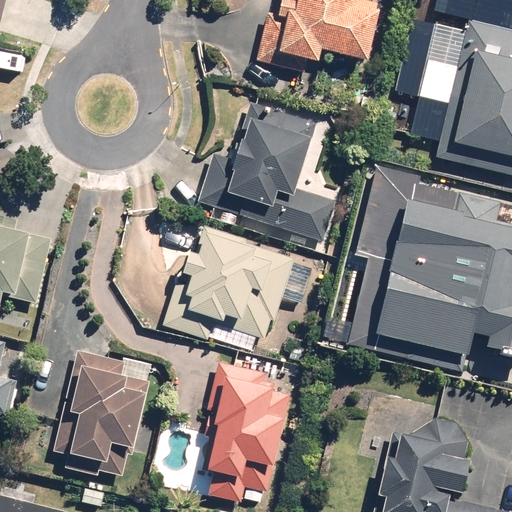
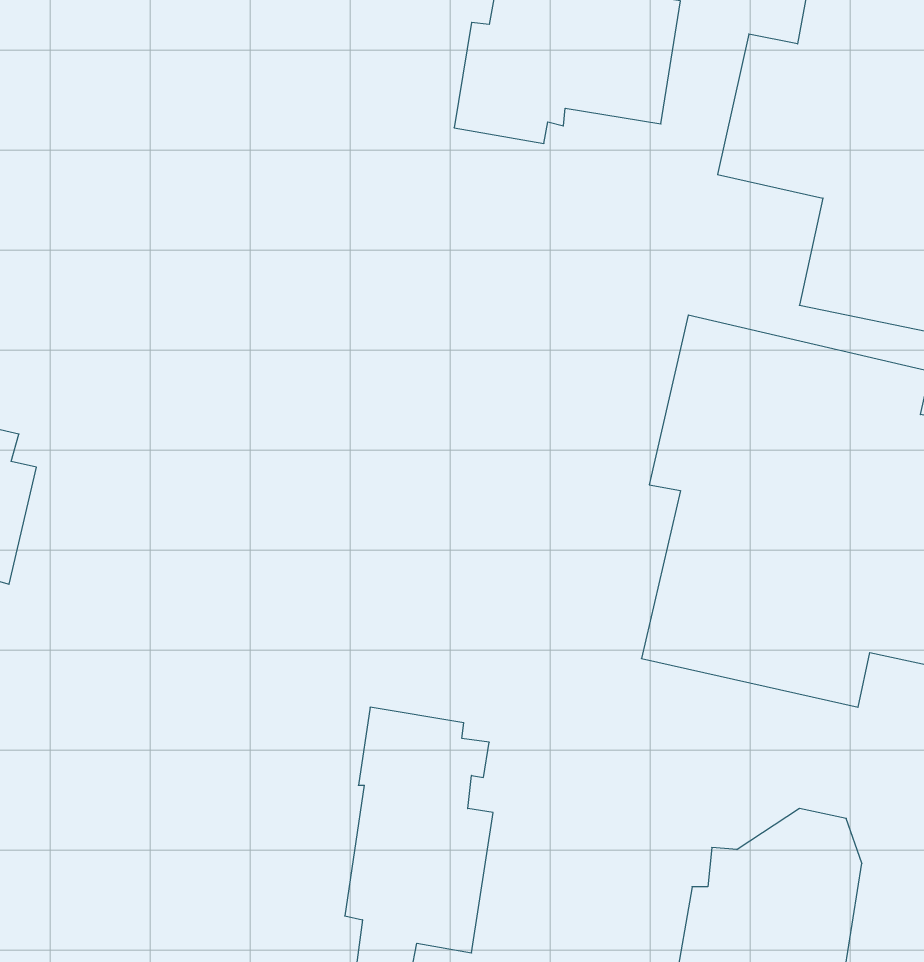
building: [197,102,338,245] -> none
building: [163,229,296,350] -> none
building: [52,350,150,478] -> none

